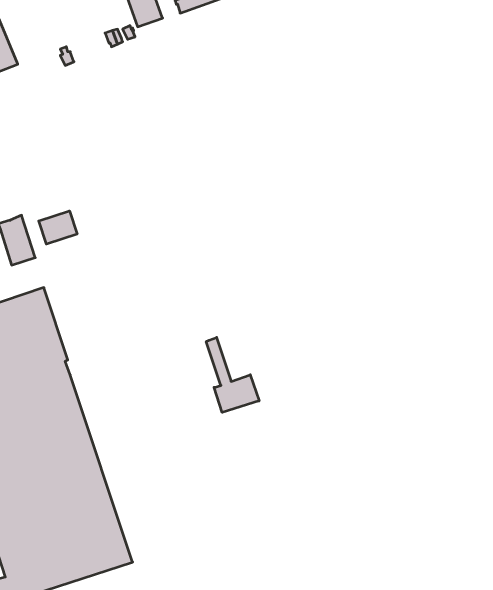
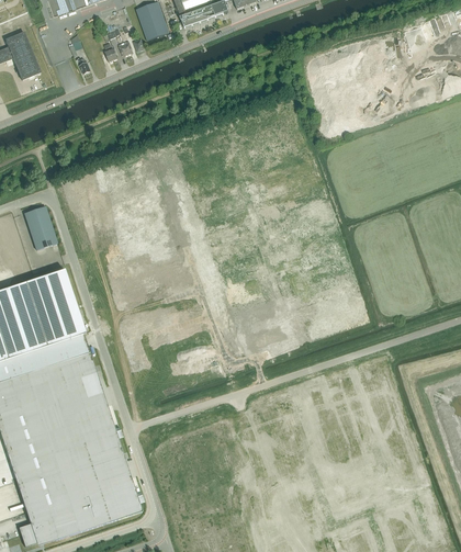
building: [39,211,77,244] -> none
building: [206,337,259,412] -> none

